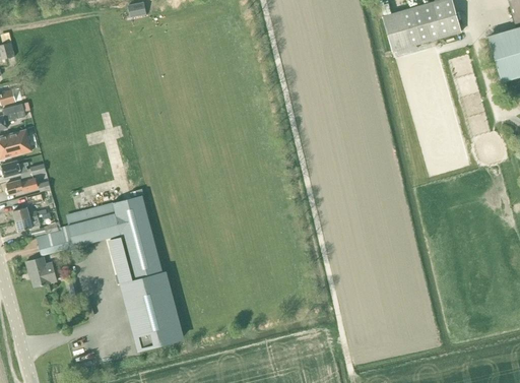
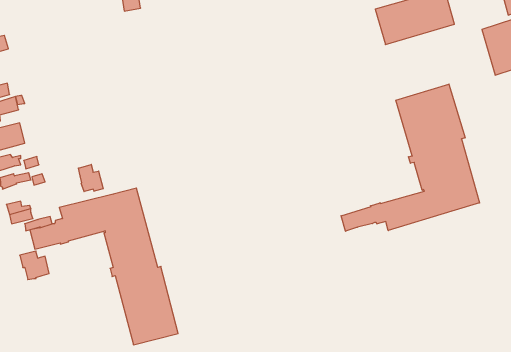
building: none -> [341,84,480,231]
building: none -> [78,164,103,192]

